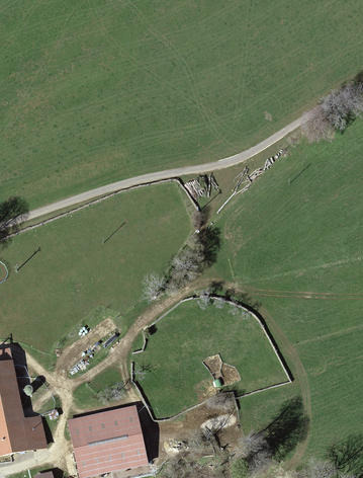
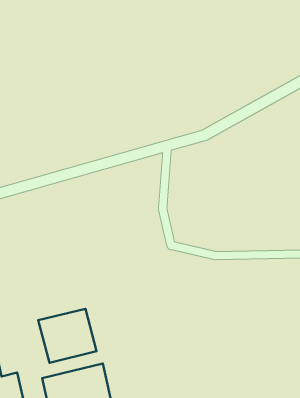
building: none -> [38,309,97,363]

